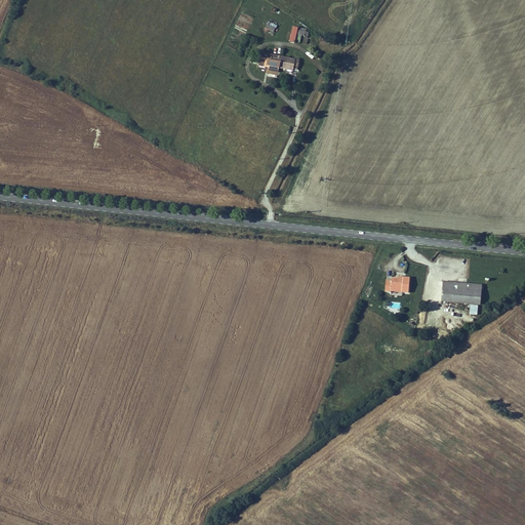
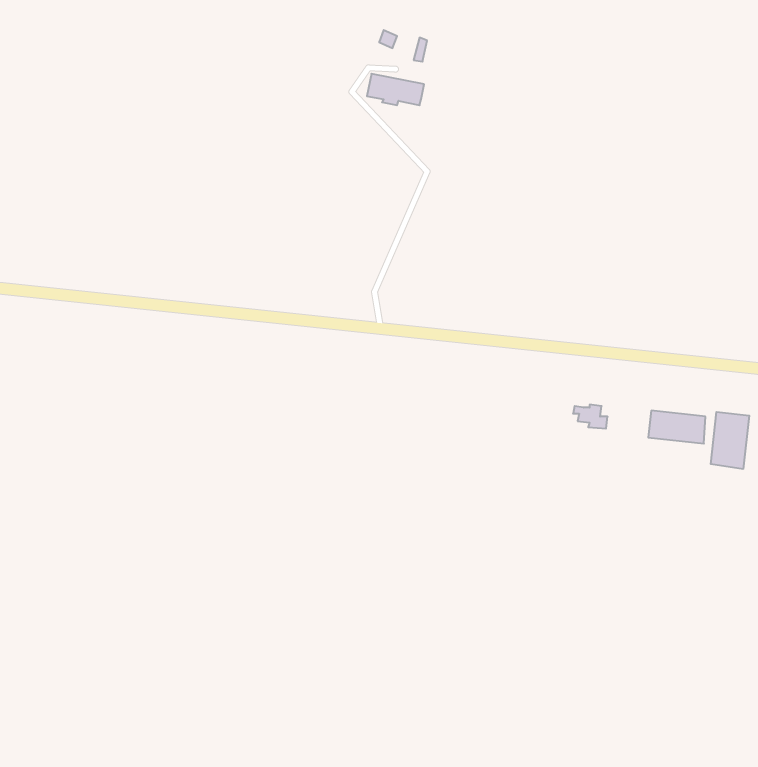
building: none -> [711,412,749,469]

